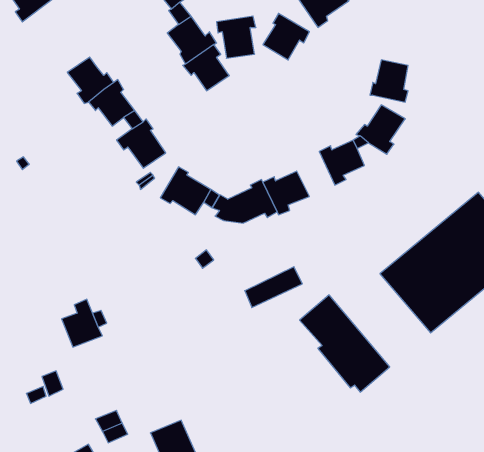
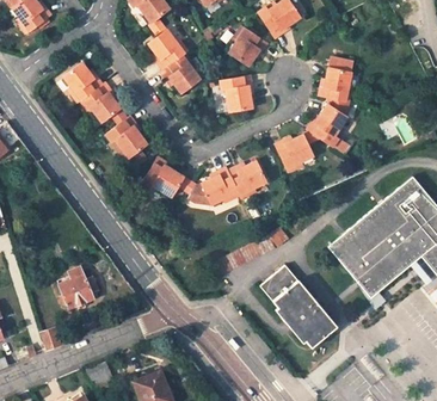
building: [217,16,256,58] -> [221,75,254,111]

